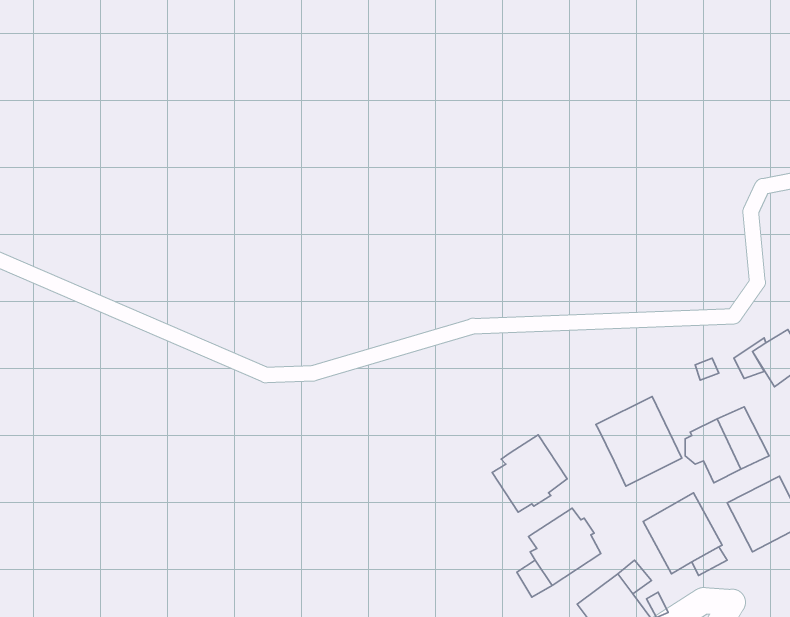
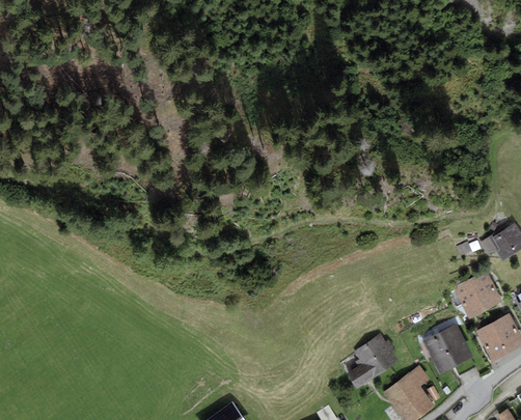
building: [596,396,682,486] -> none
building: [492,435,567,512] -> none

